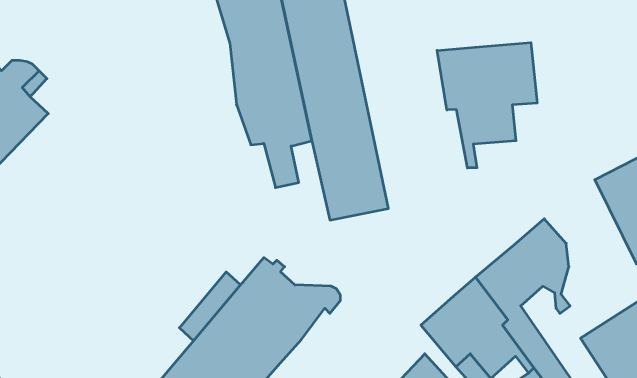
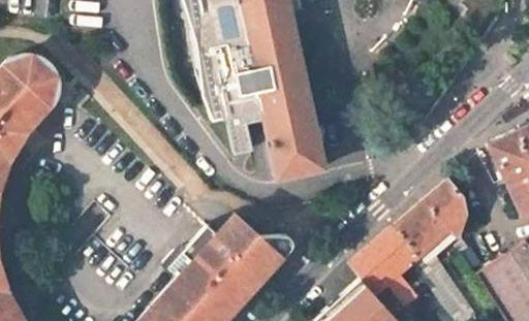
building: [437,43,537,168] -> none

